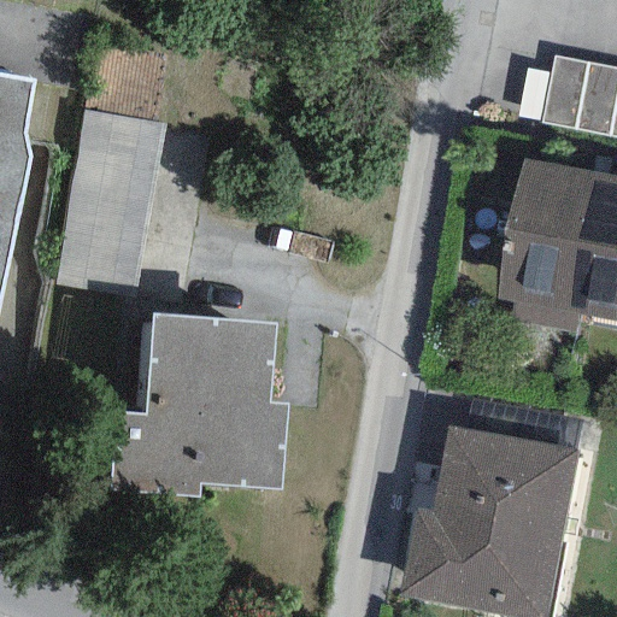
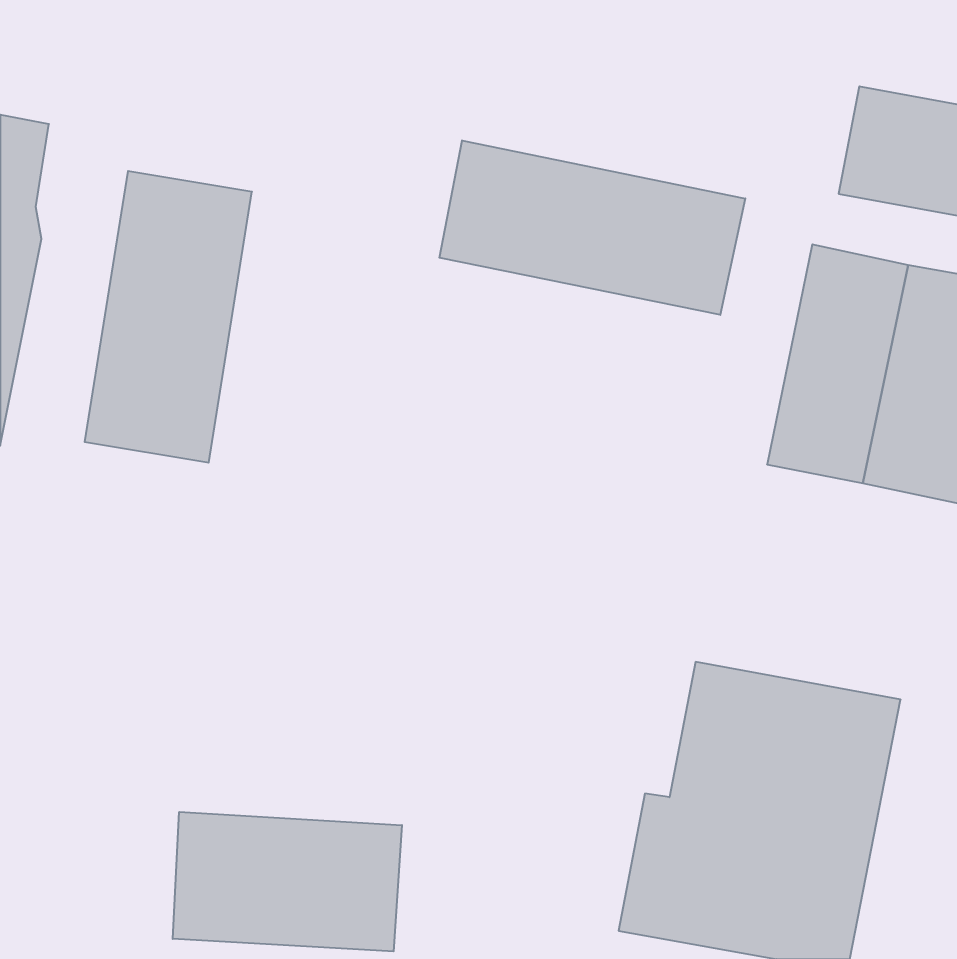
building: none -> [439,140,745,315]
building: [112,313,288,498] -> none
building: none -> [173,812,402,951]

